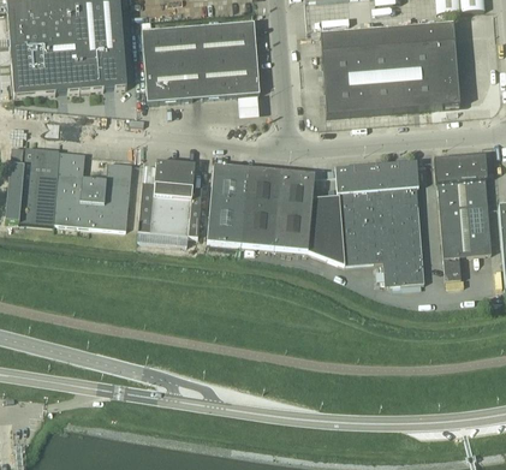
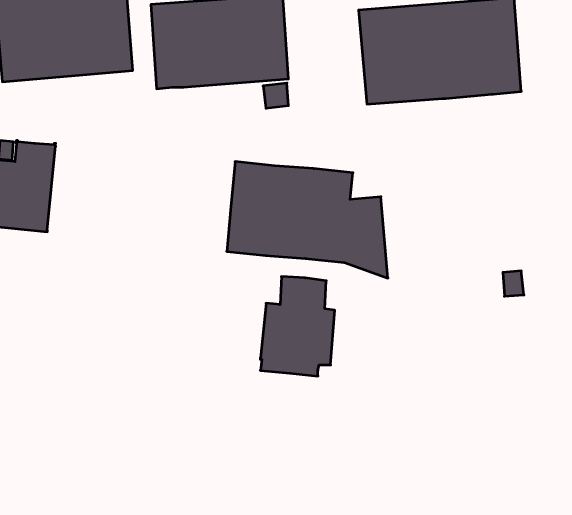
building: [53,150,132,228] -> none
building: [434,154,492,256] -> none
building: [138,159,202,244] -> [260,277,335,376]
building: [335,160,424,285] -> none

